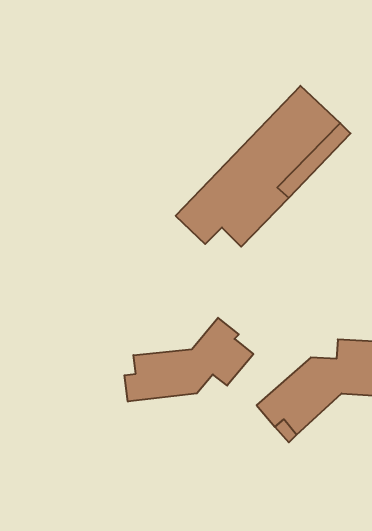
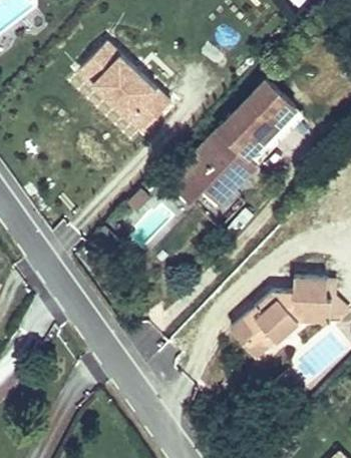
building: none -> [79,41,170,131]
building: [124,318,253,402] -> none

